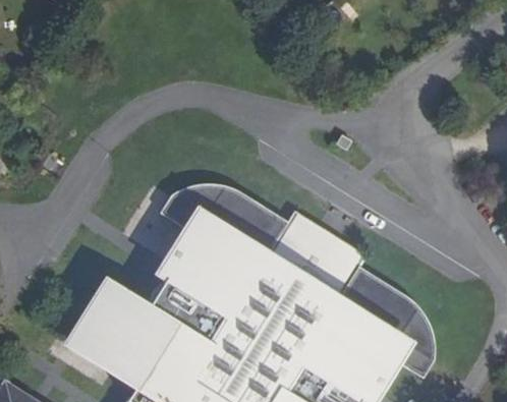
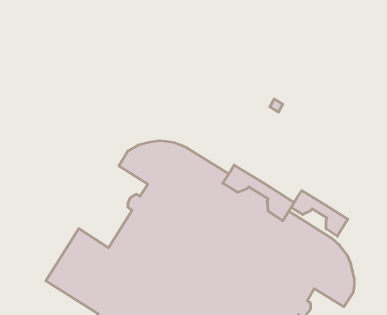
building: none -> [291,191,348,236]

